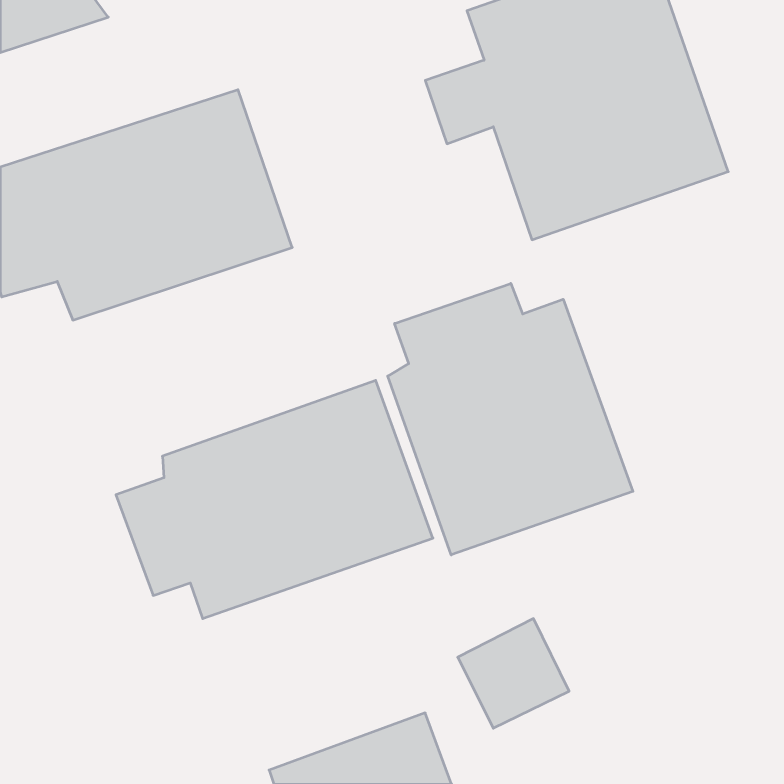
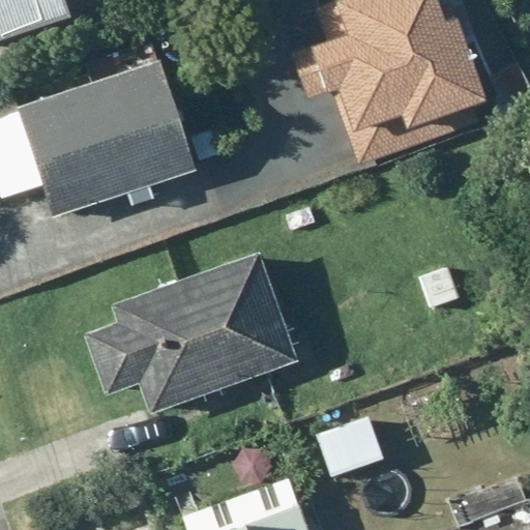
building: [388,283,633,555] -> none

